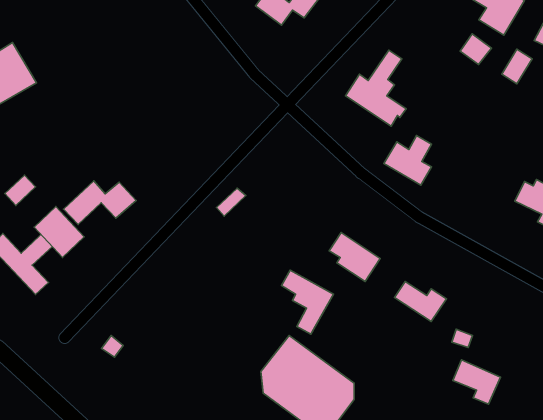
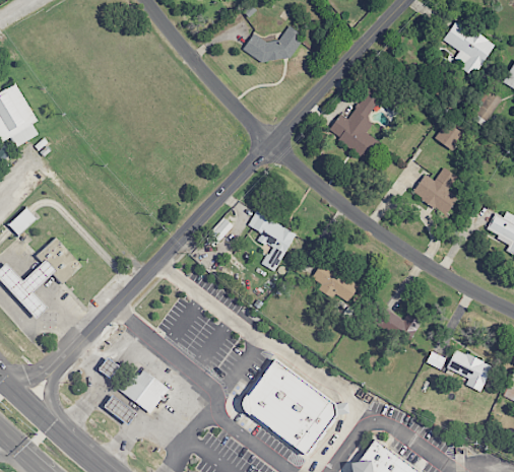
building: [460,34,492,64] -> [434,122,463,150]
building: [384,135,432,185] -> [411,167,456,214]
building: [63,181,136,225] -> none
building: [282,270,334,334] -> [247,211,296,271]
building: none -> [120,365,169,413]
building: [453,360,500,404] -> [446,349,491,391]
building: none -> [103,396,135,424]

